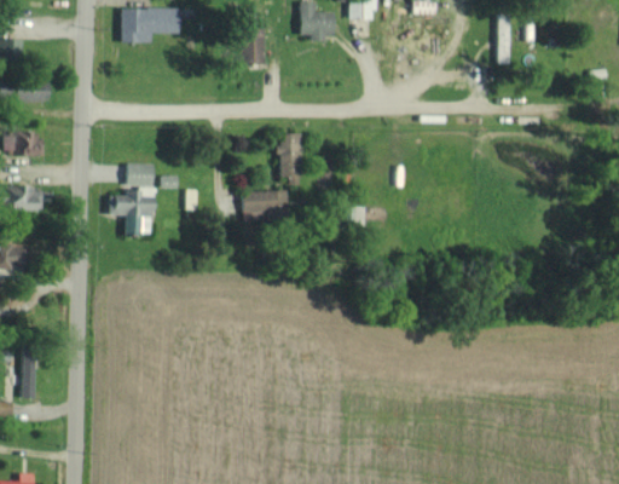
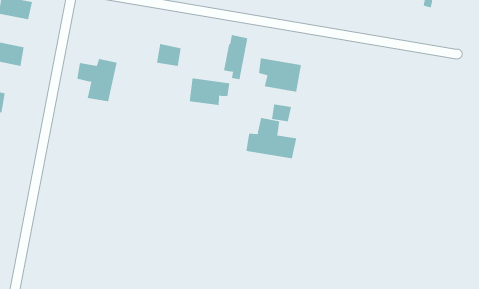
building: none -> [258,58,302,92]
building: [127,162,154,185] -> [156,44,181,66]
building: none -> [246,117,297,159]

